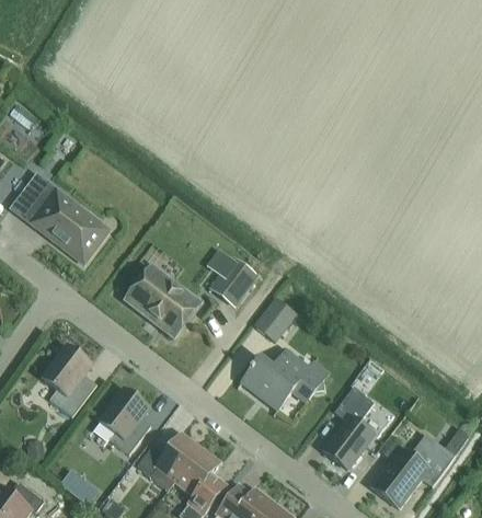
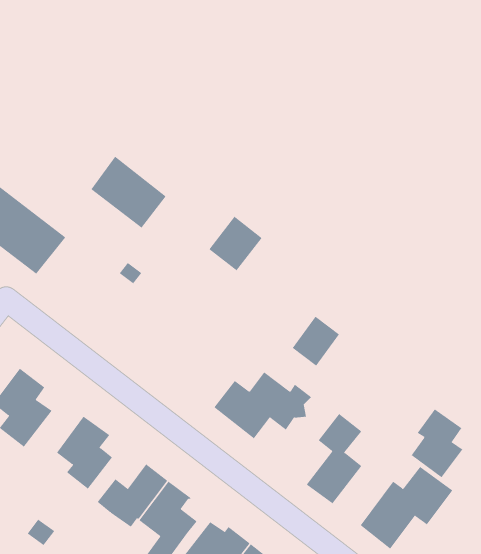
building: [208,257,256,307] -> [209,216,263,271]
building: [129,268,197,333] -> [90,156,167,228]
building: [253,296,296,341] -> [292,316,340,366]
building: none -> [411,408,463,478]

